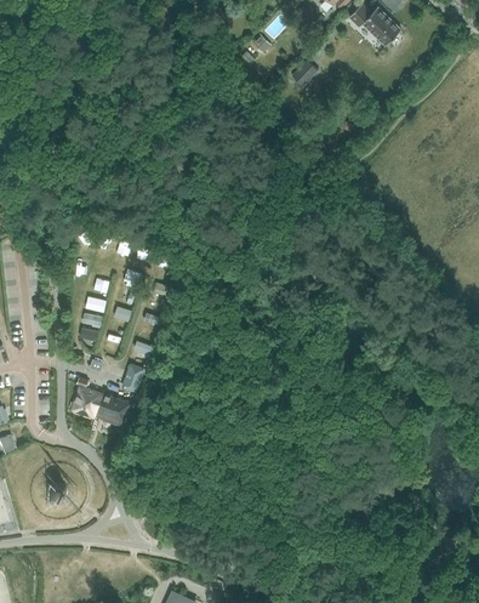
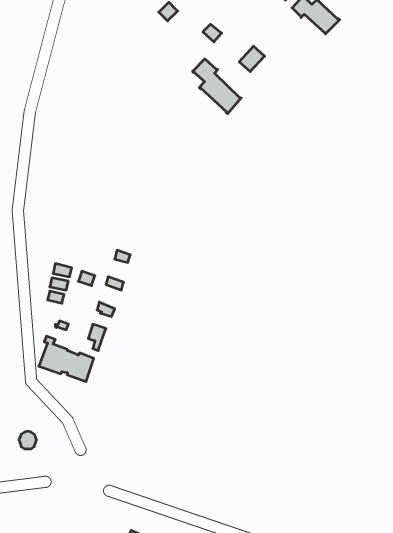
building: none -> [193,59,241,114]

